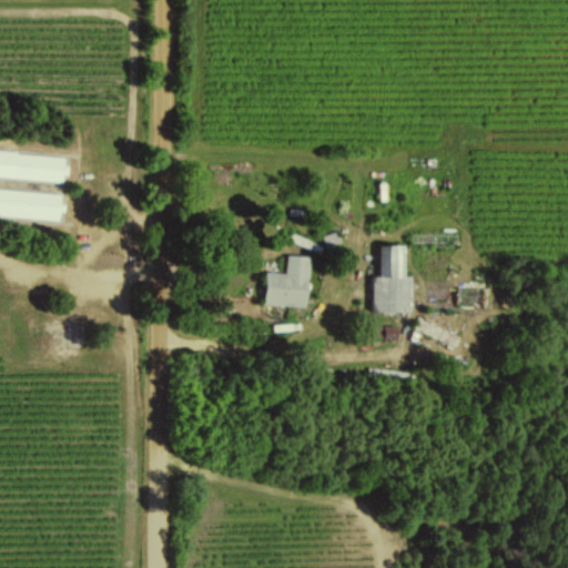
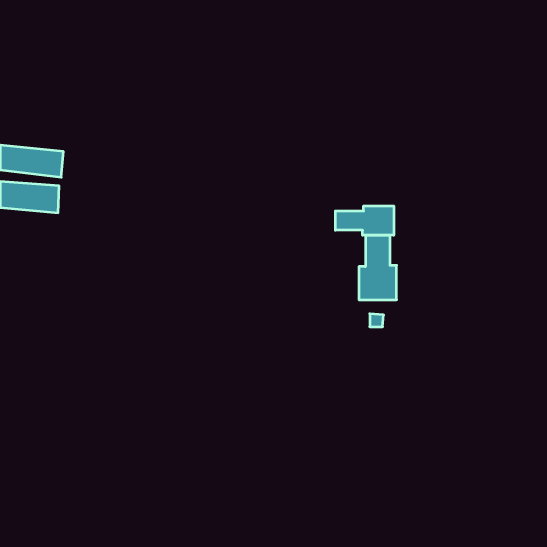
building: none -> [335,206,394,235]
building: [265,256,310,307] -> none

